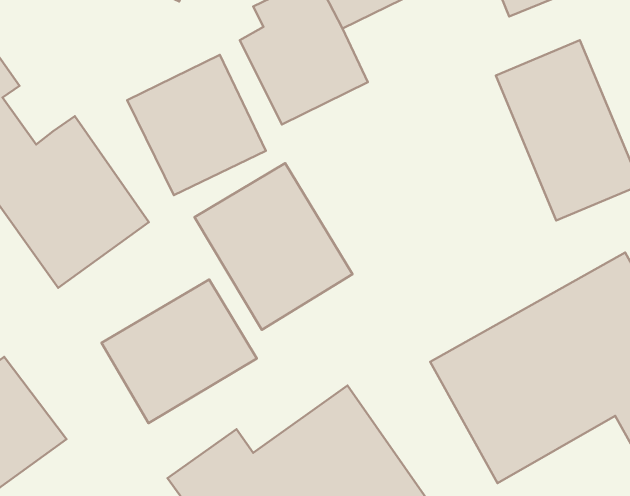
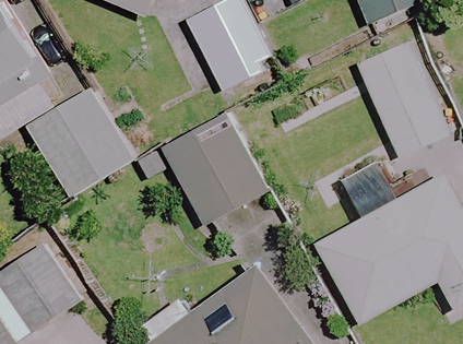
building: [127,55,266,195] -> none
building: [102,279,257,423] -> none

